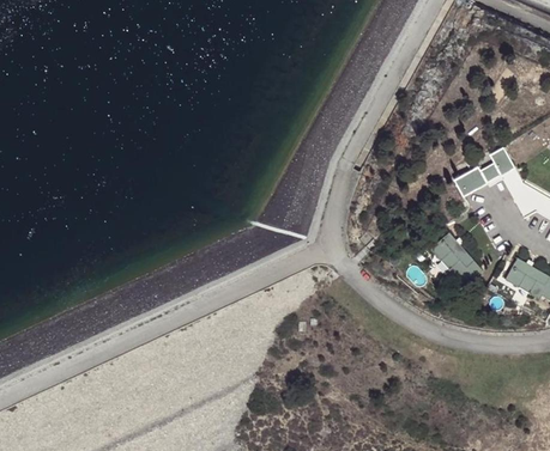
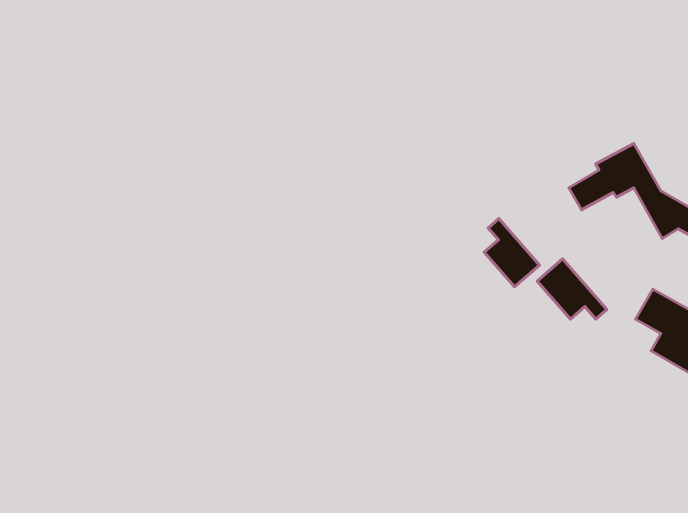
building: none -> [484,219,540,287]

